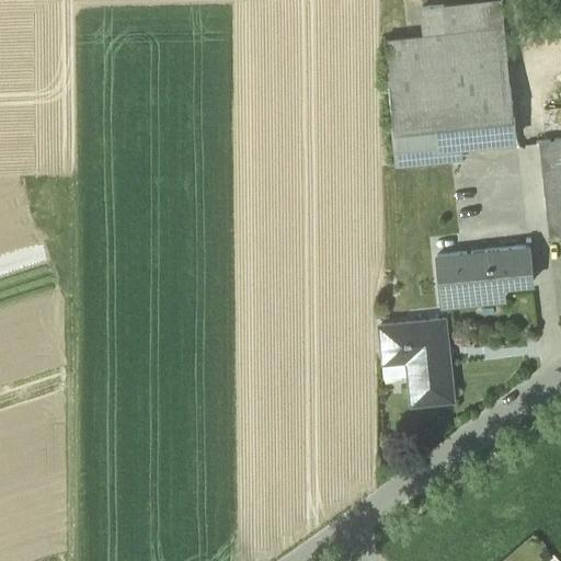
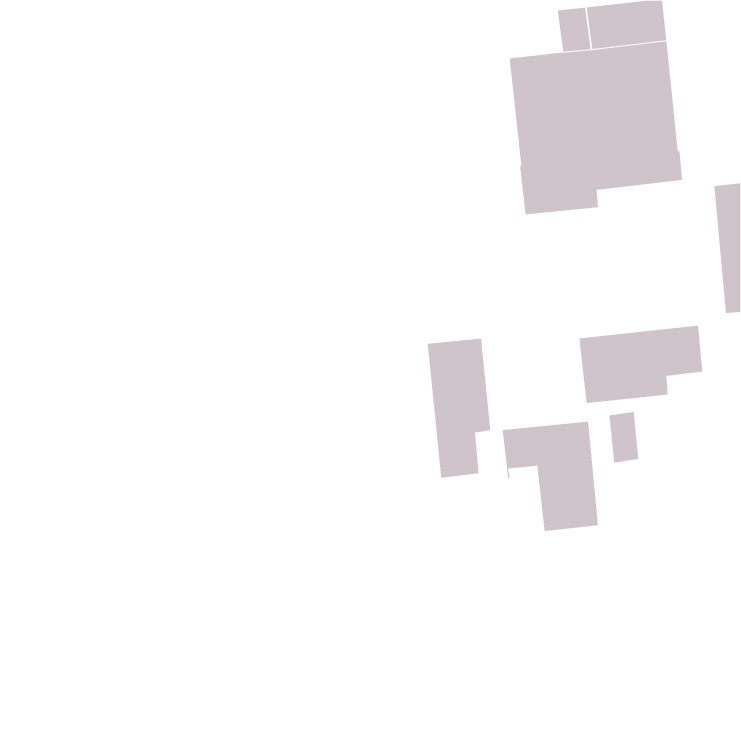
building: none -> [427,338,491,479]
building: none -> [609,411,639,463]

